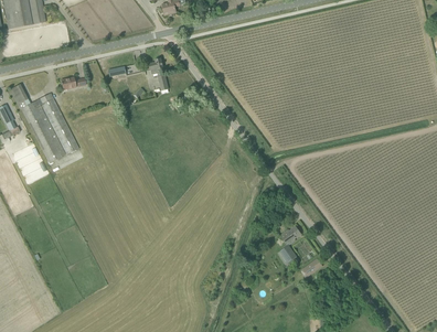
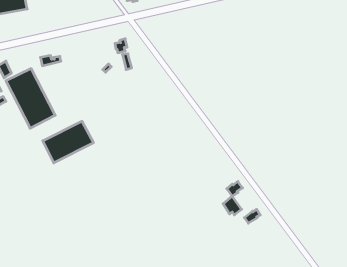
building: none -> [43,121,93,163]

